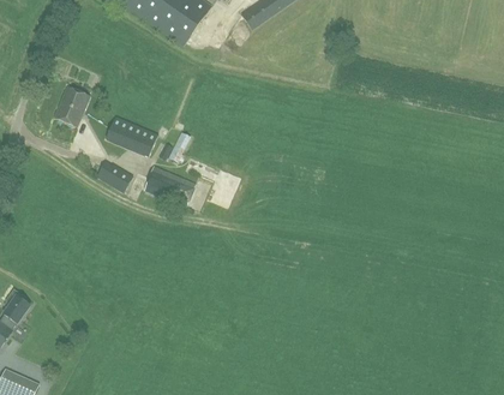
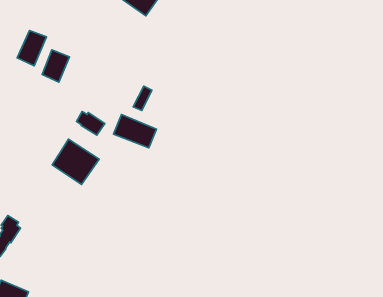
building: none -> [17,31,46,66]
building: [104,115,157,156] -> none
building: none -> [52,139,99,184]

